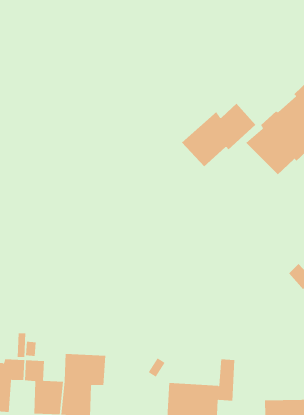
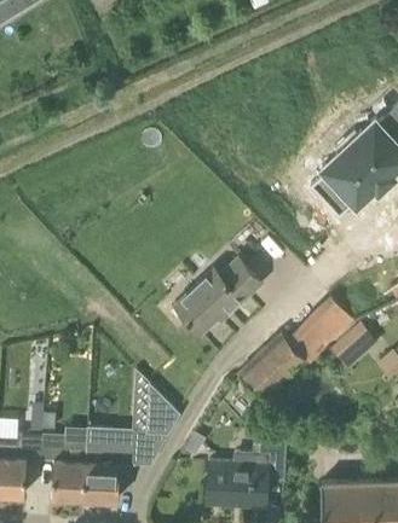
building: [181,103,256,167] -> [174,258,261,333]
building: none -> [237,295,352,400]
building: none -> [146,385,179,435]

